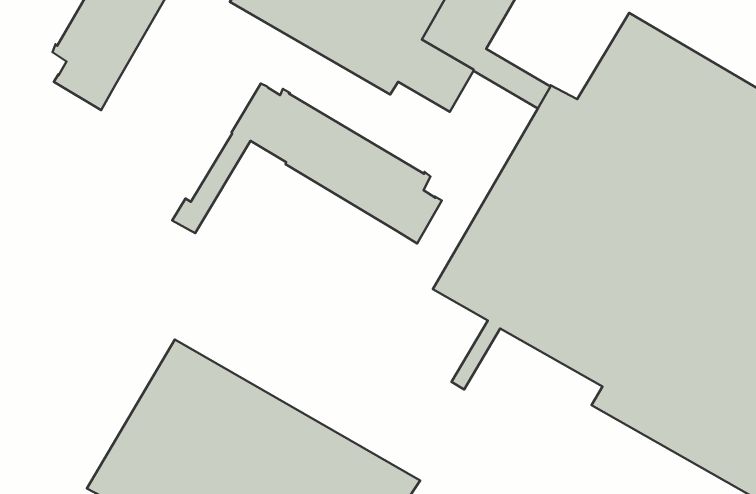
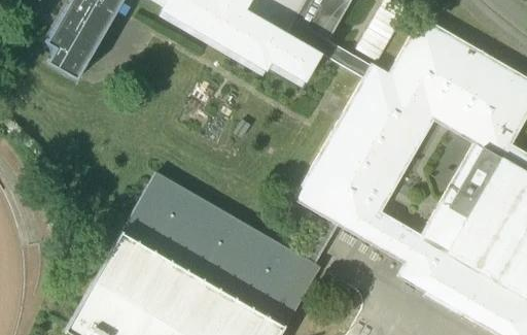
building: [172,84,442,243] -> none
building: none -> [125,173,319,325]

